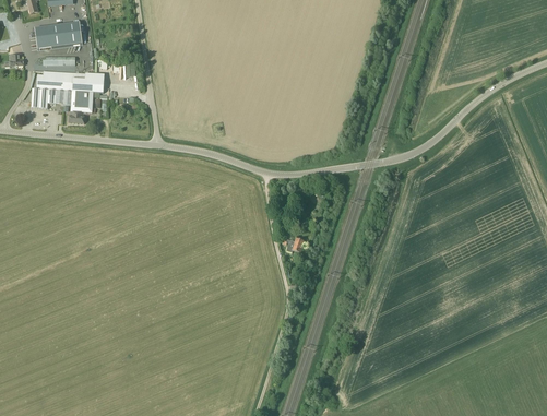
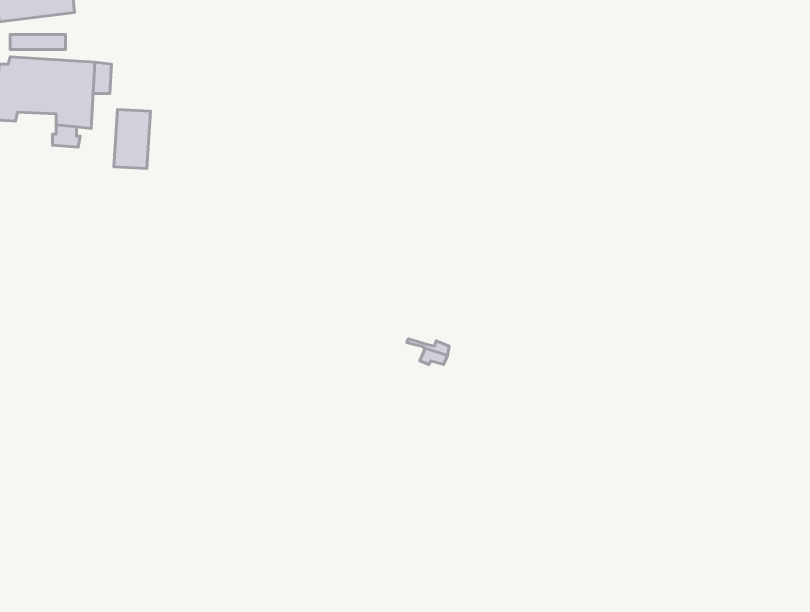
building: none -> [114,110,151,168]

